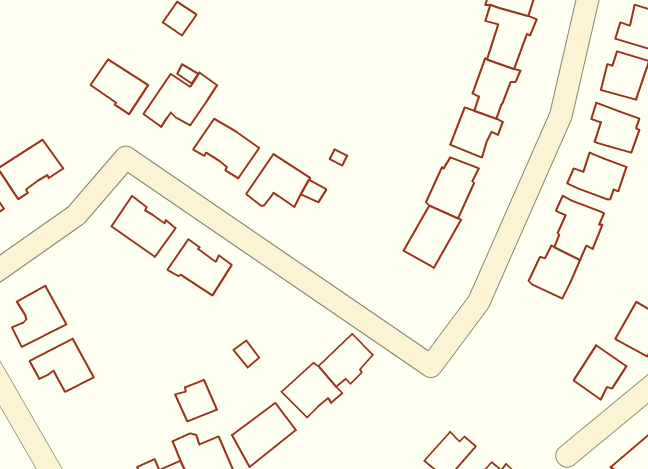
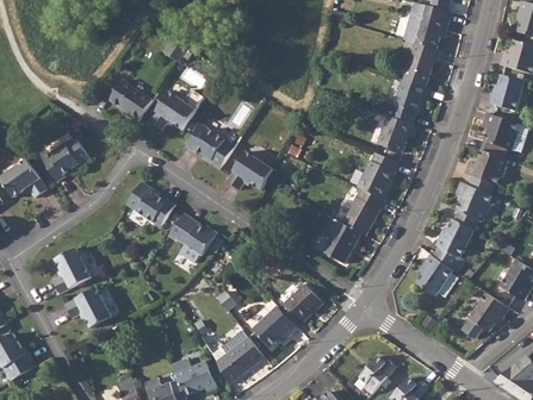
building: none -> [323,220,361,263]
building: none -> [416,252,453,294]
building: [175,380,217,421] -> none

